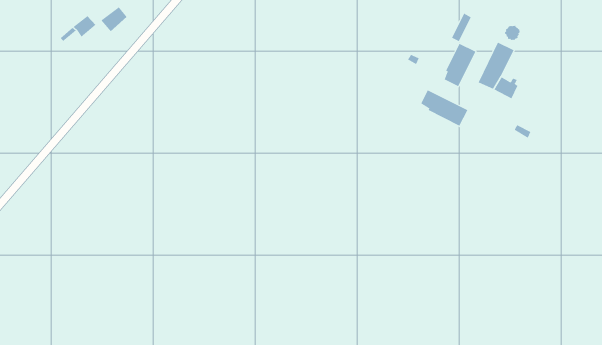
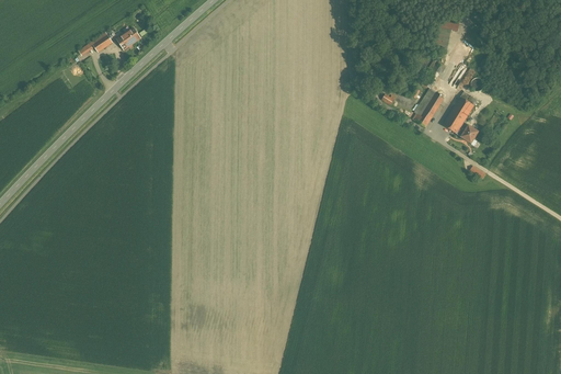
building: [420,90,468,127] -> none

